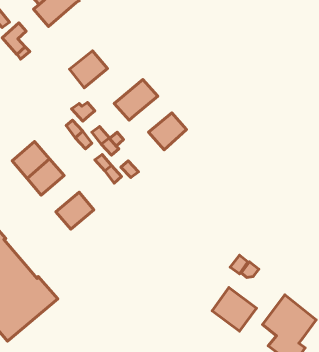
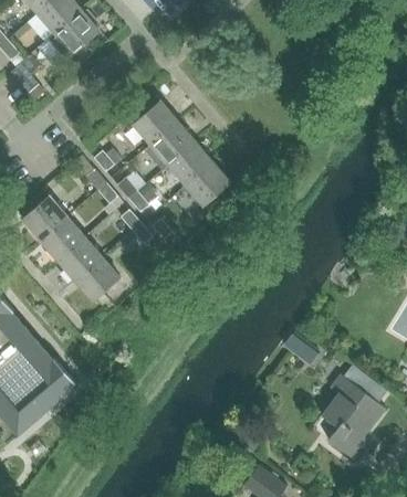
building: [69,51,107,88] -> [133,102,178,146]
building: none -> [168,142,212,186]
building: none -> [56,237,102,281]
building: [212,288,256,331] -> none

